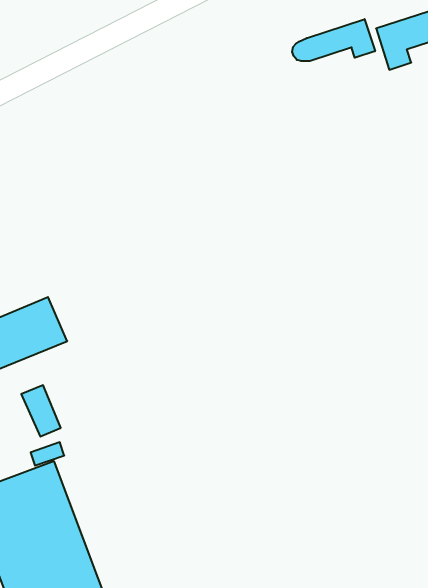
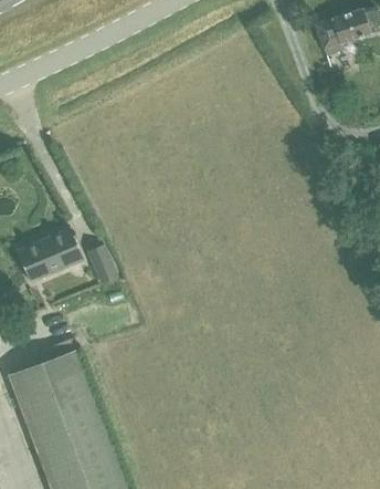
building: [292,19,375,61] -> none
building: [21,385,61,437] -> [87,246,117,284]

